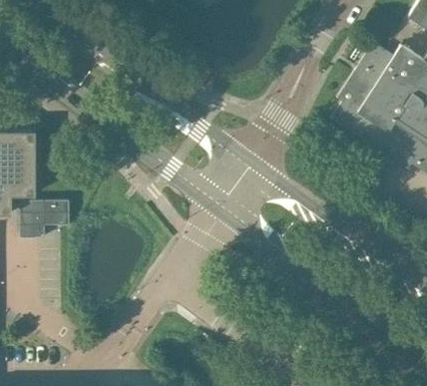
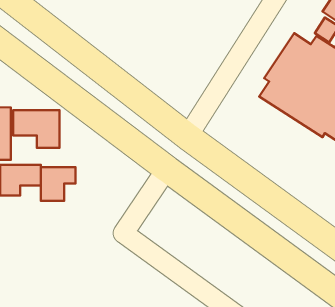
building: none -> [13,110,60,148]
building: none -> [41,167,75,201]

